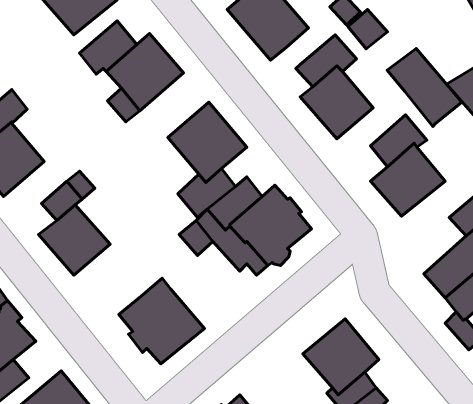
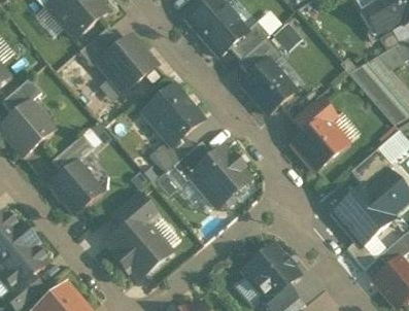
building: none -> [232,20,270,58]
building: [387,49,462,127] -> none
building: none -> [112,191,157,228]

